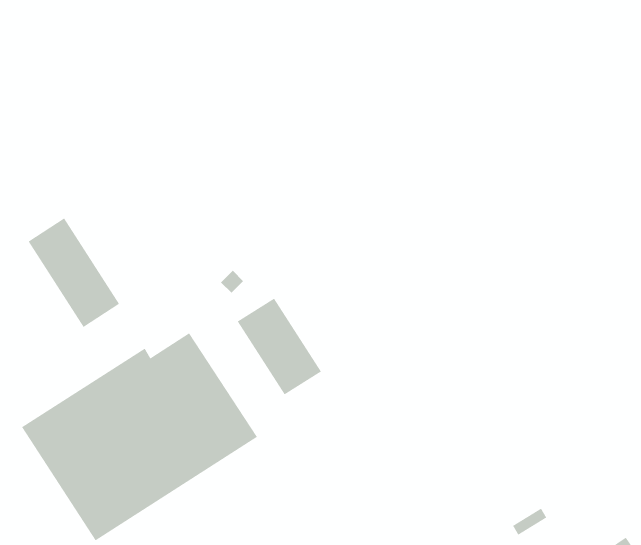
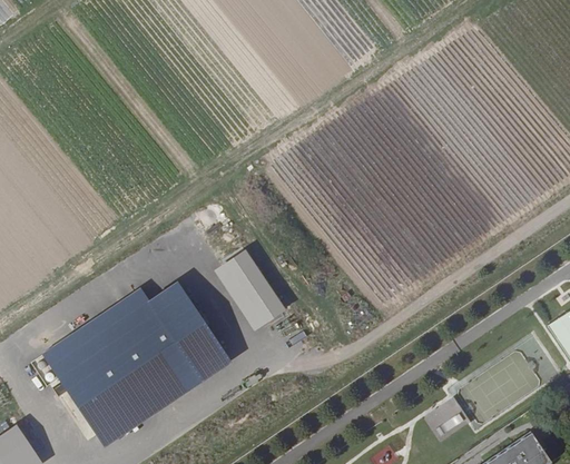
building: [28,218,120,328] -> none

